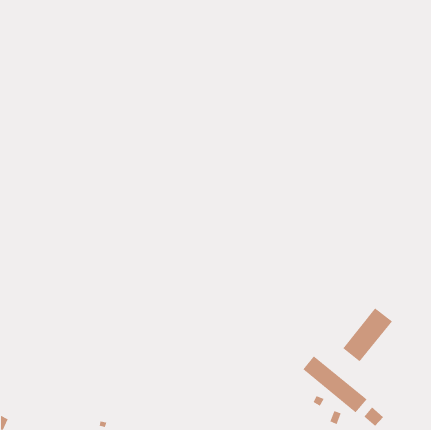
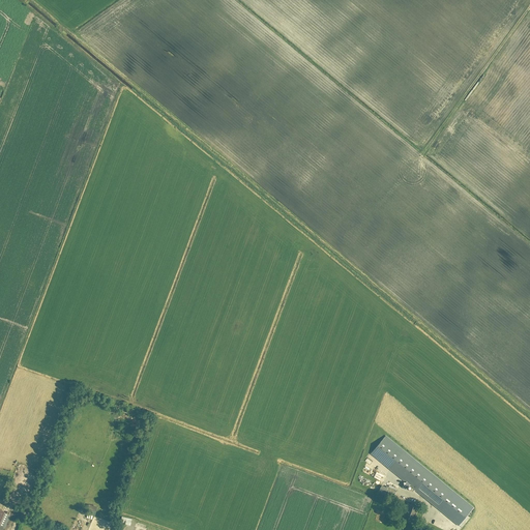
building: [343,307,393,362] -> none

